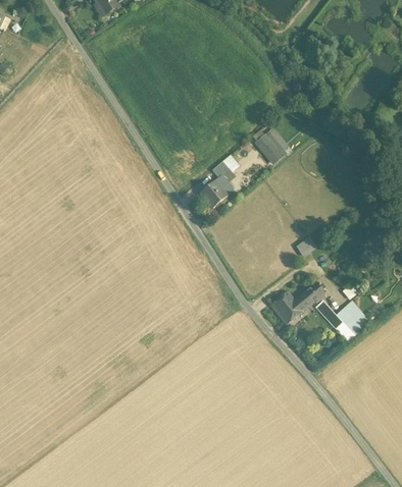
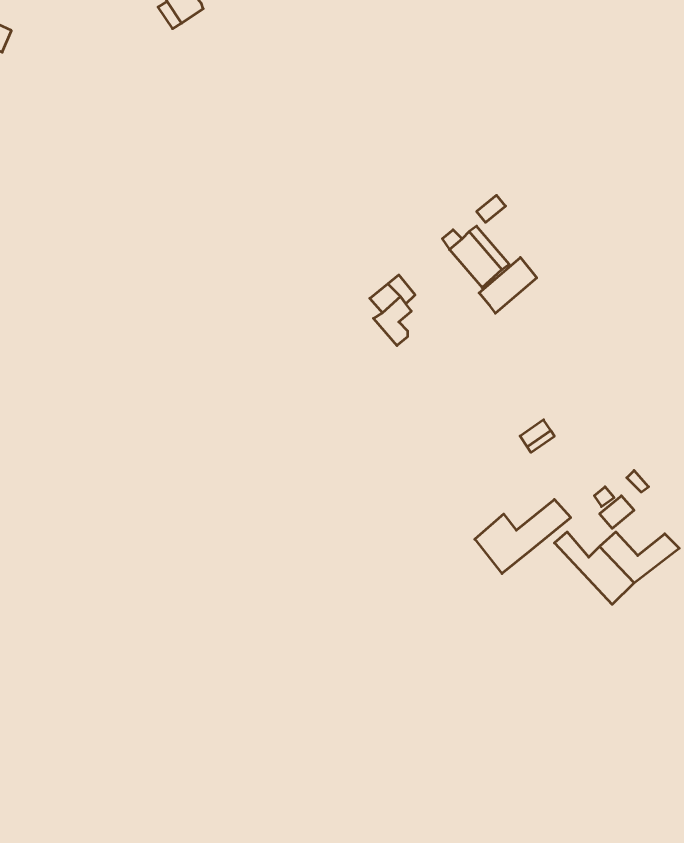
building: none -> [479,257,537,313]
building: [199,179,227,207] -> none

